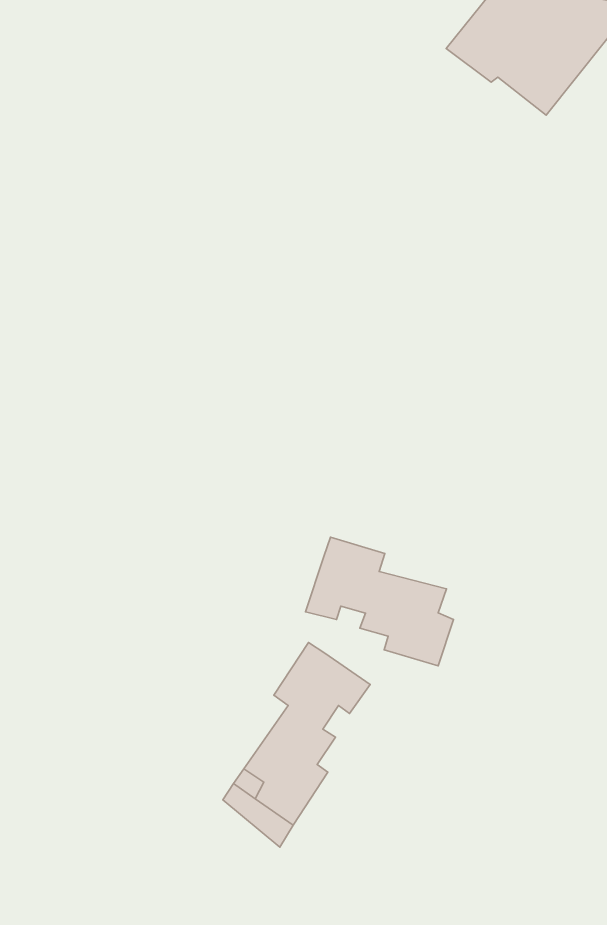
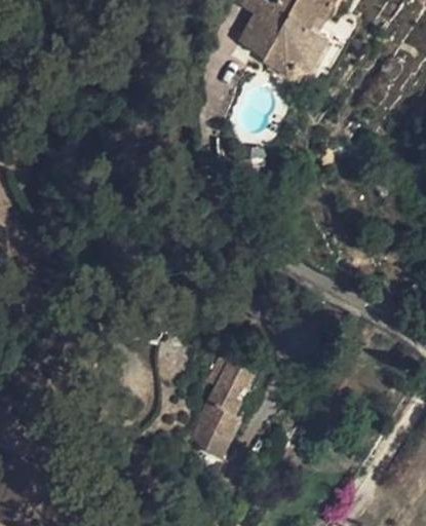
building: [306,537,454,666] -> none

